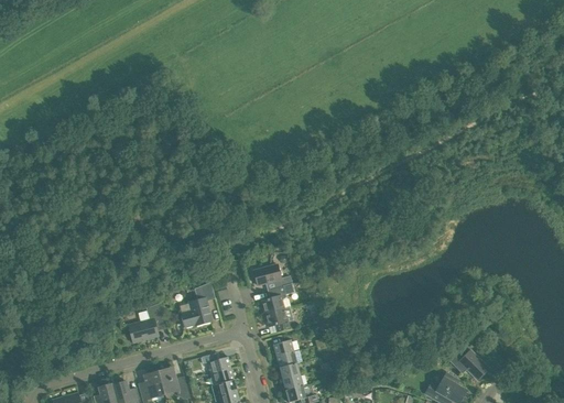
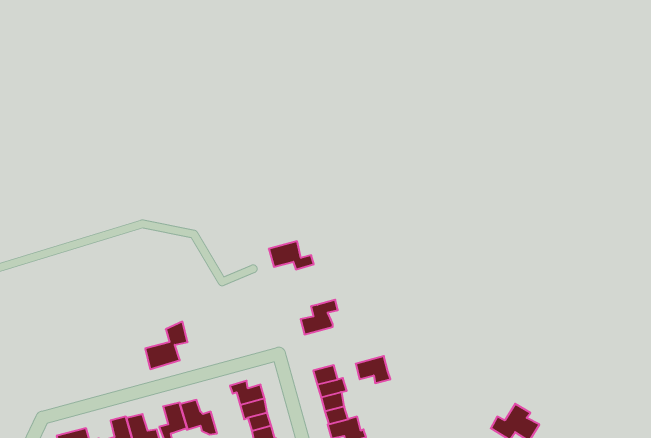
building: [252,263,291,287] -> [269,241,314,269]
building: [181,282,214,327] -> none
building: [264,306,294,329] -> [356,356,390,383]
building: [448,350,488,379] -> none

